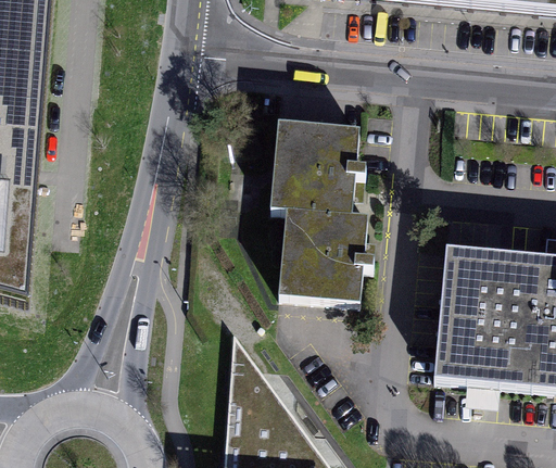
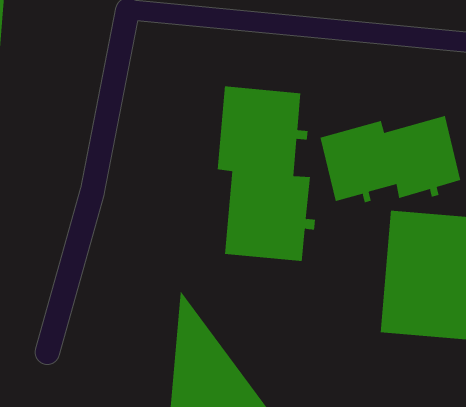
building: none -> [320,115,461,203]

